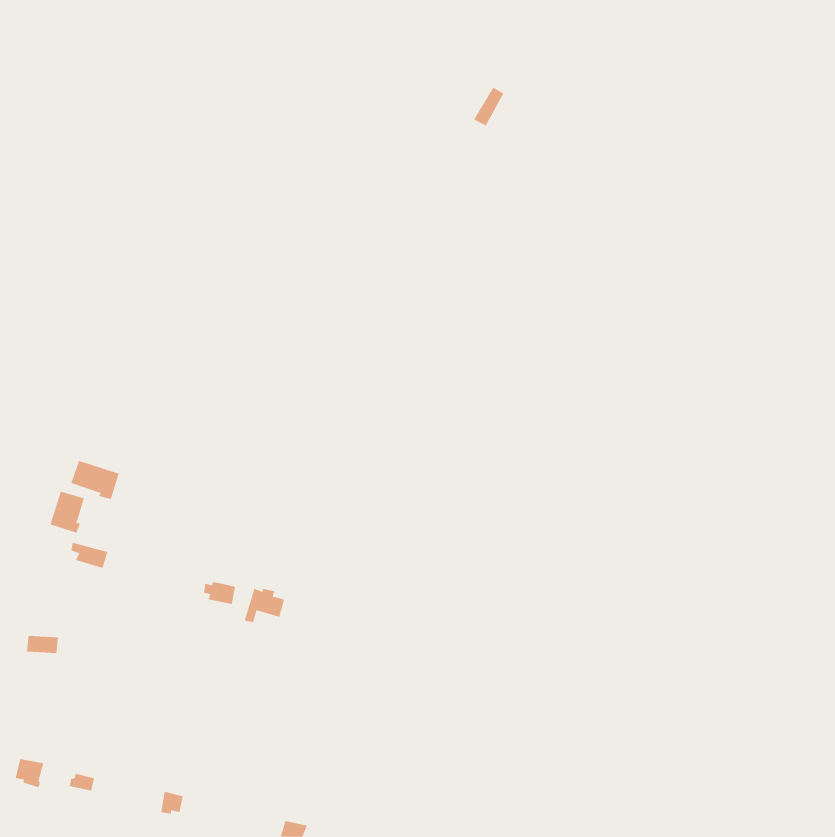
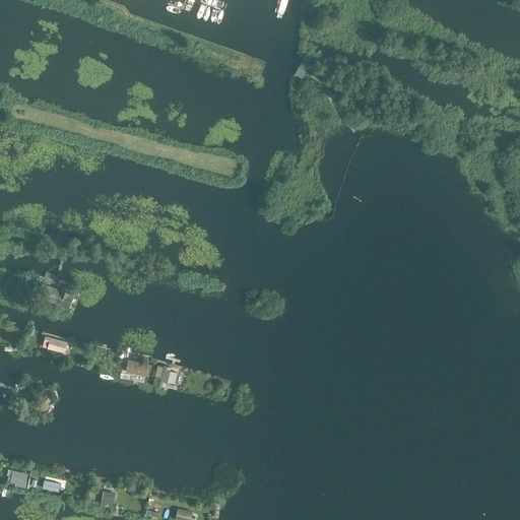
building: [50,491,85,533] -> none

